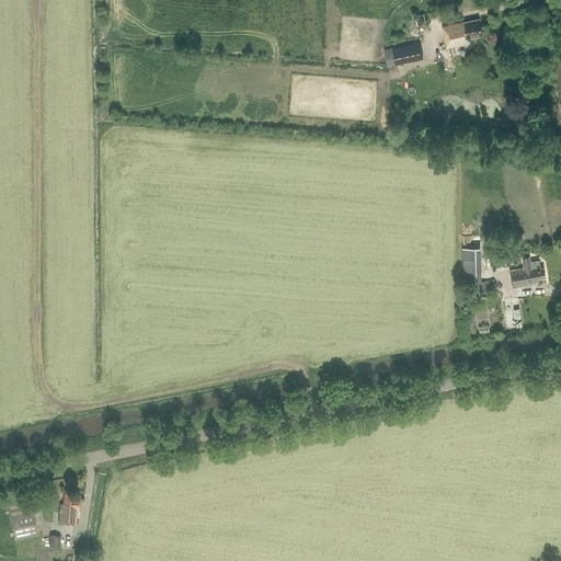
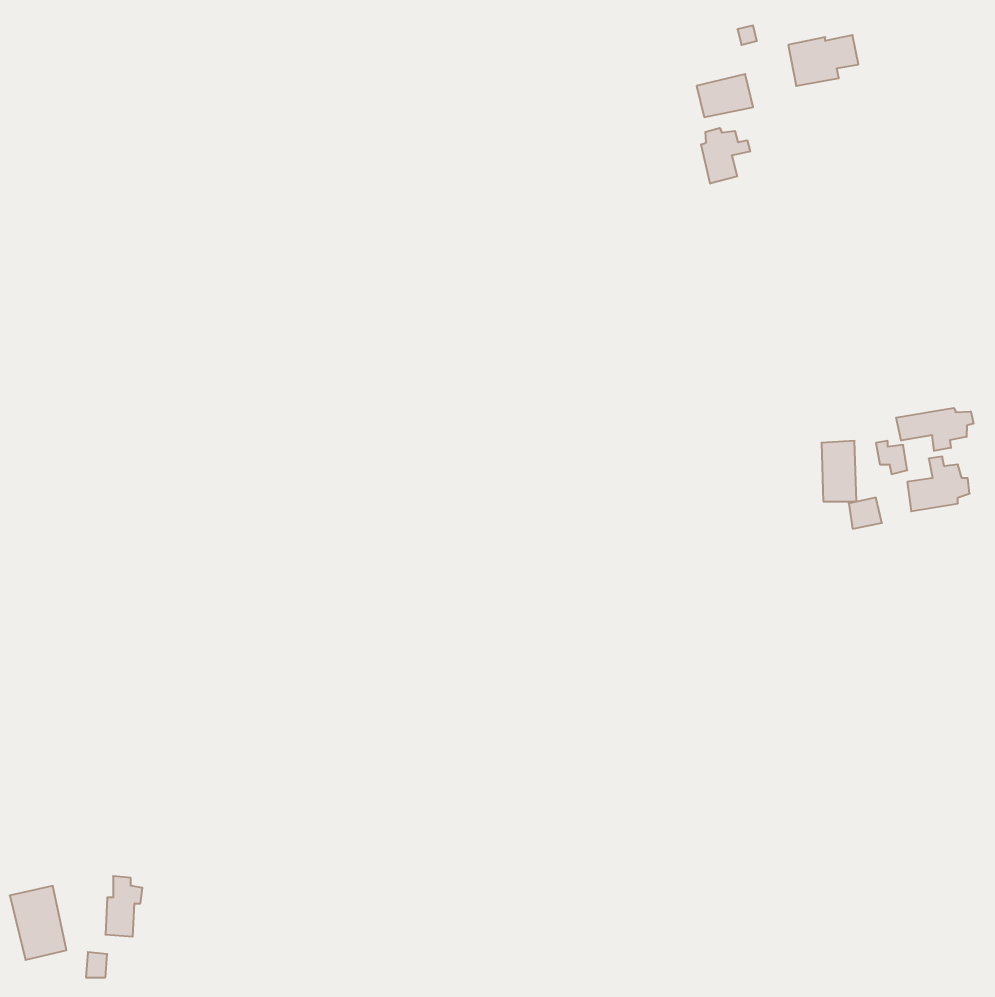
building: none -> [701,128,750,184]
building: none -> [896,408,974,451]

